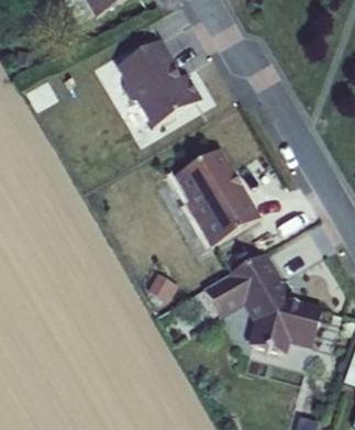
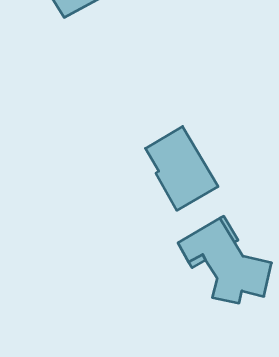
building: [114,38,201,128] -> none

